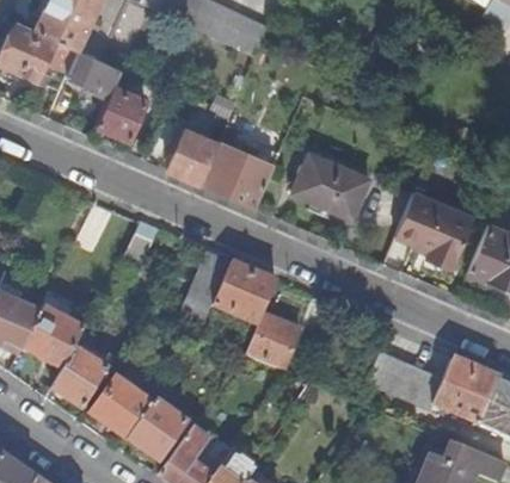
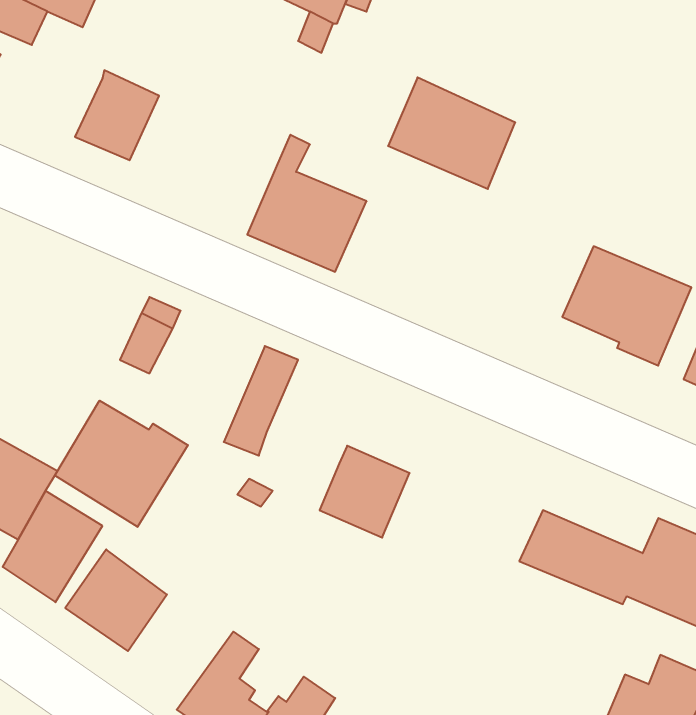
building: [68,49,122,89] -> none
building: [167,129,220,185] -> none
building: [293,151,370,219] -> [388,77,515,189]
building: [214,261,277,324] -> none
building: none -> [55,401,188,527]
building: [129,400,188,460] -> none

